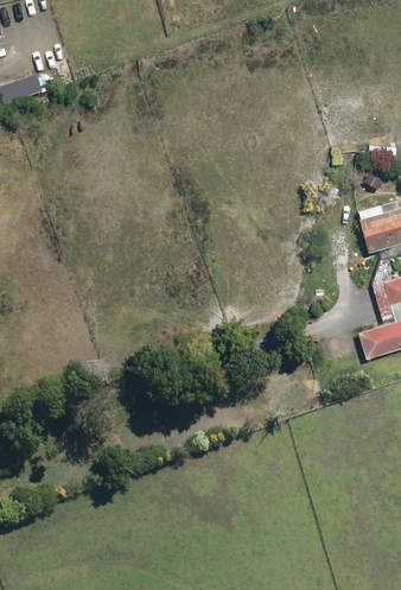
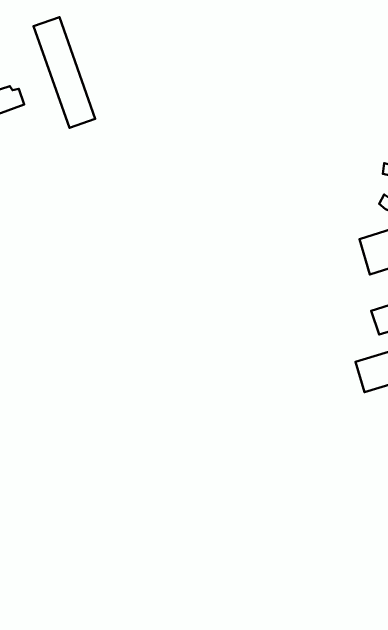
building: none -> [33,17,95,128]

